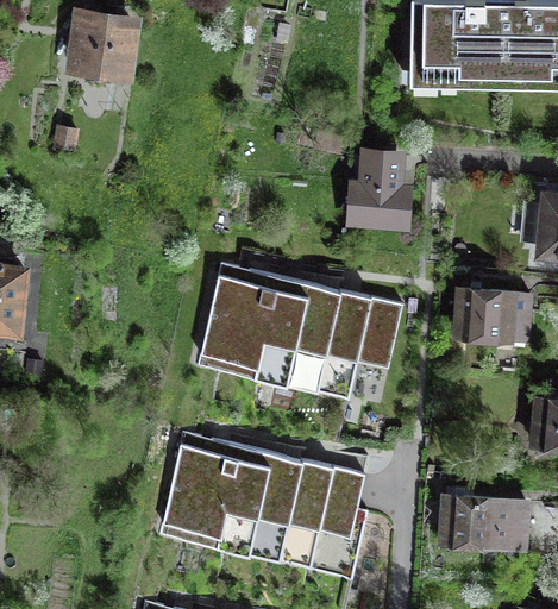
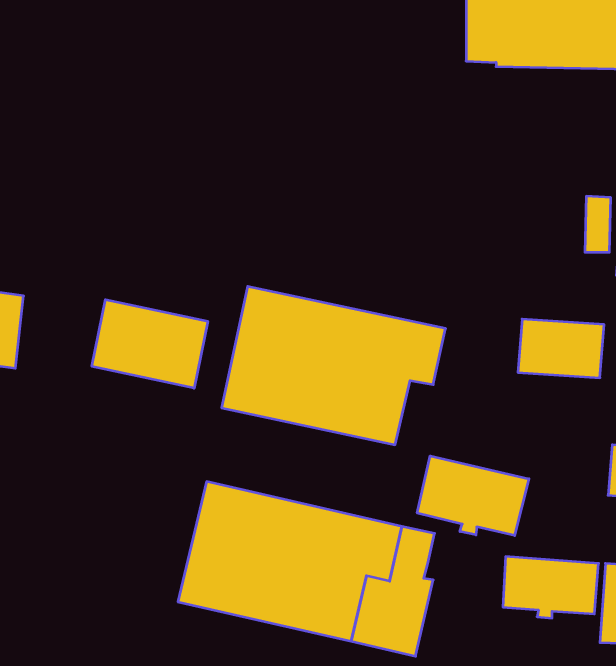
building: [75,19,132,81] -> none
building: [355,155,406,222] -> none
building: none -> [92,300,208,388]
building: none -> [417,456,529,536]

